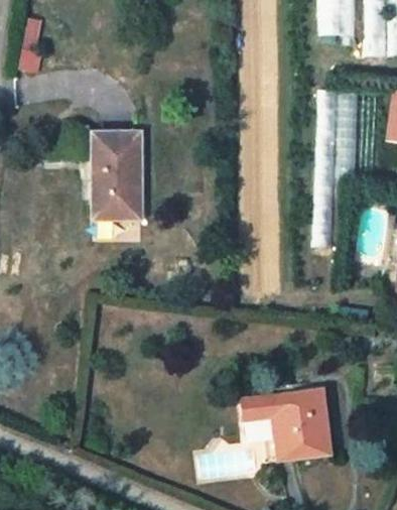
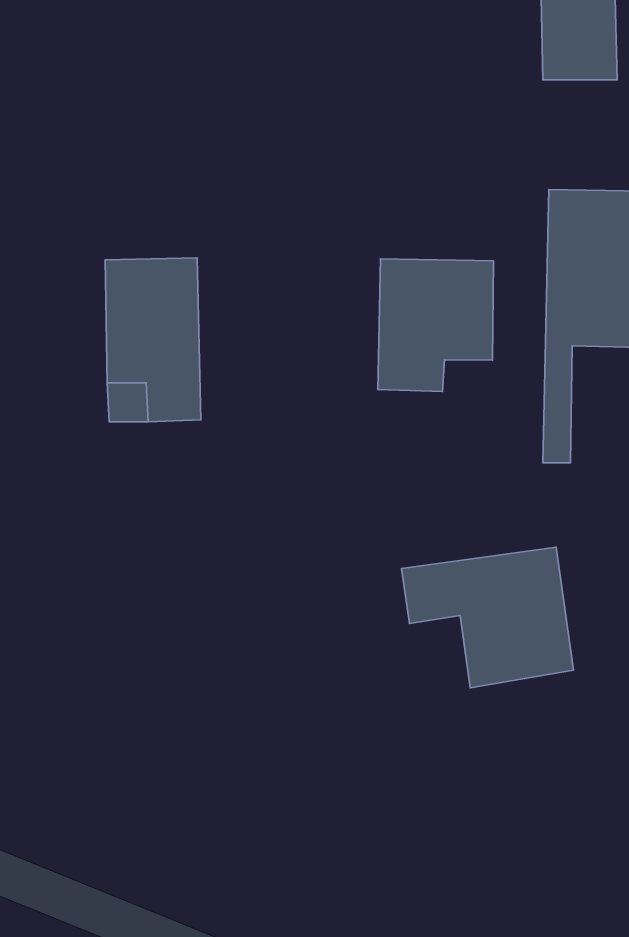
building: none -> [378,259,493,391]
building: [240,387,328,460] -> [402,547,574,688]

